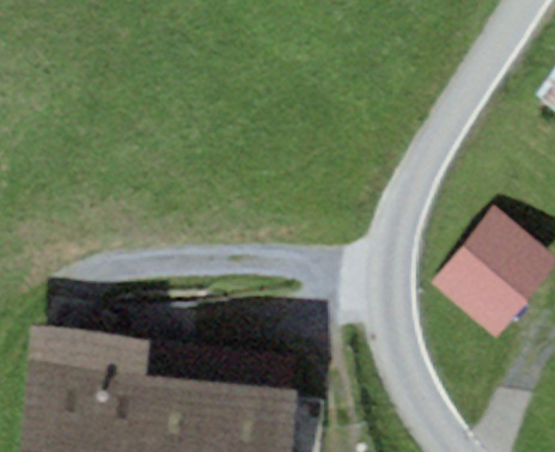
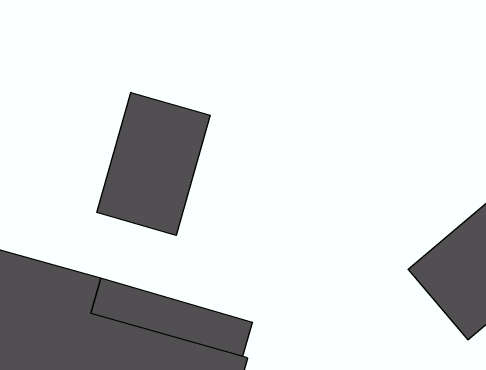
building: none -> [97,92,210,235]

